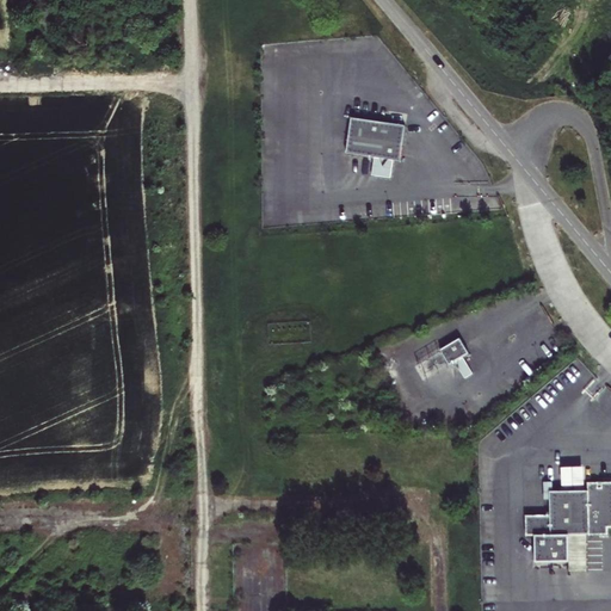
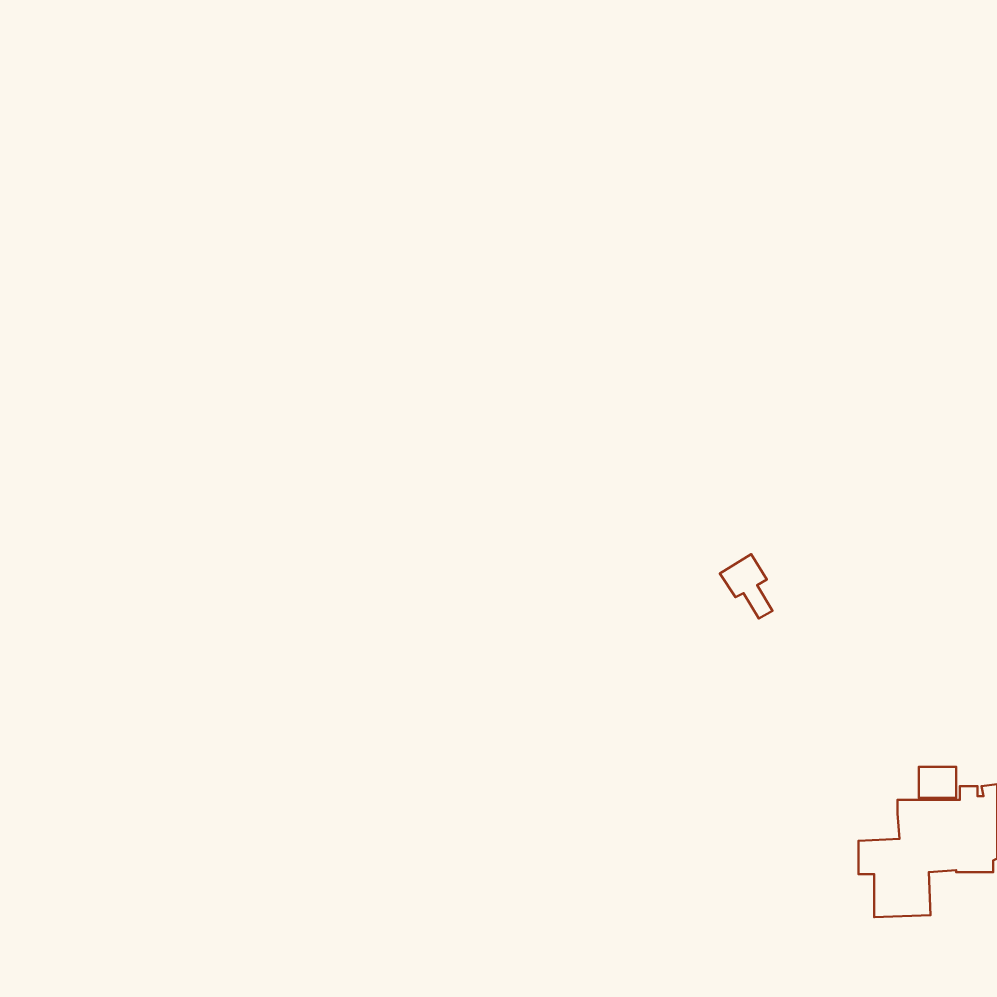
building: [347,118,406,179] -> none
building: [568,532,586,569] -> none

